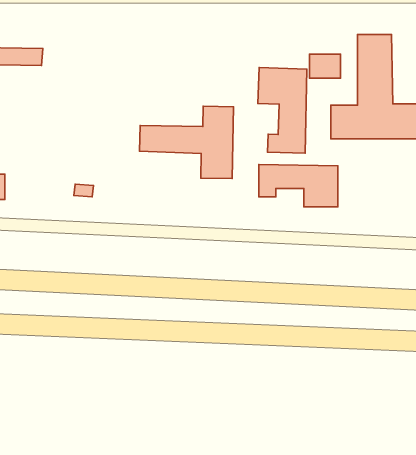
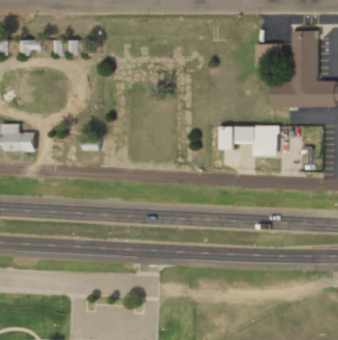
building: [258,68,307,153] -> none
building: [140,106,233,179] -> none

